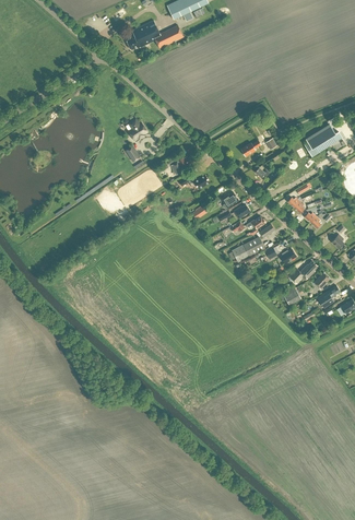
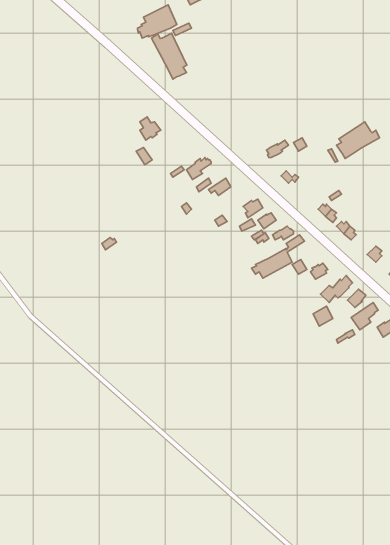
building: none -> [151,33,187,79]

